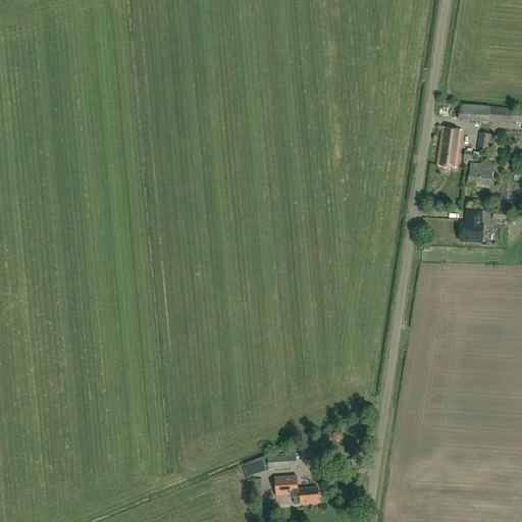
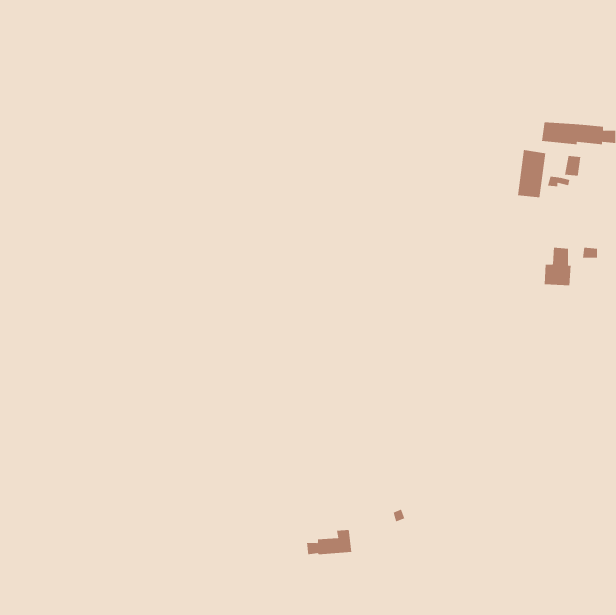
building: [468,163,493,188] -> none
building: [275,476,318,504] -> none

